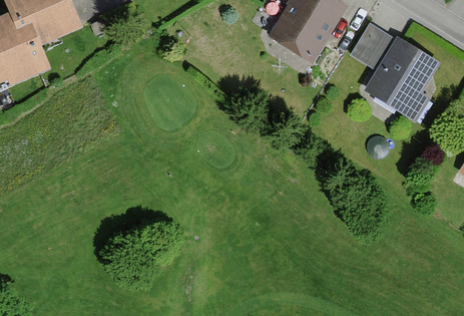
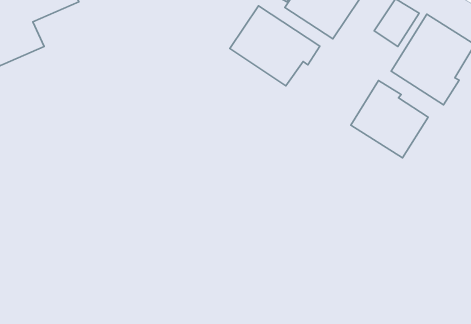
building: none -> [230,6,320,86]
building: none -> [351,80,428,158]

